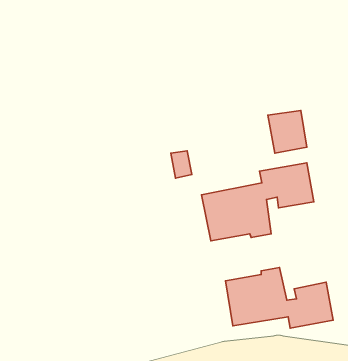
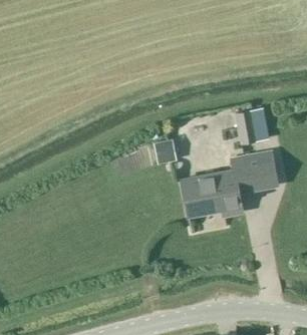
building: [226,267,333,328] -> none

